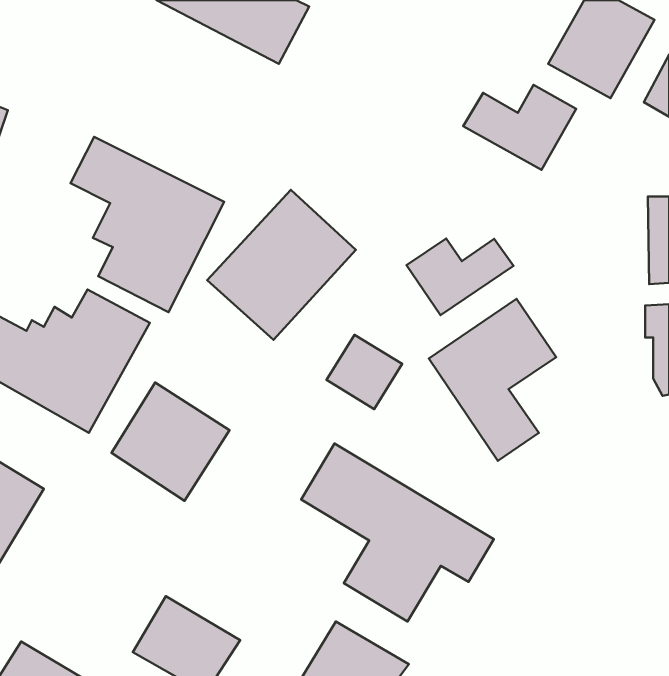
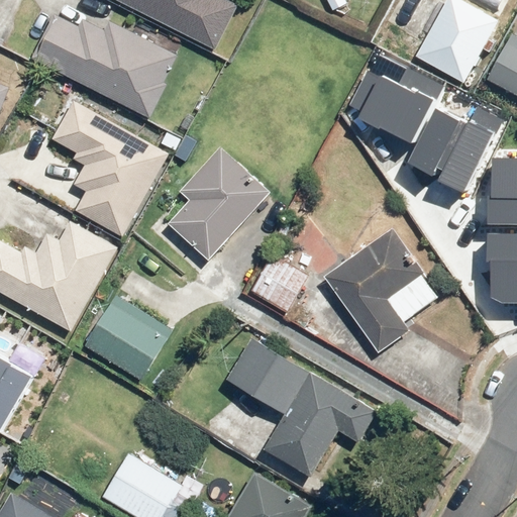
building: none -> [30,9,176,119]
building: none -> [412,106,496,186]
building: [406,238,514,315] -> none

